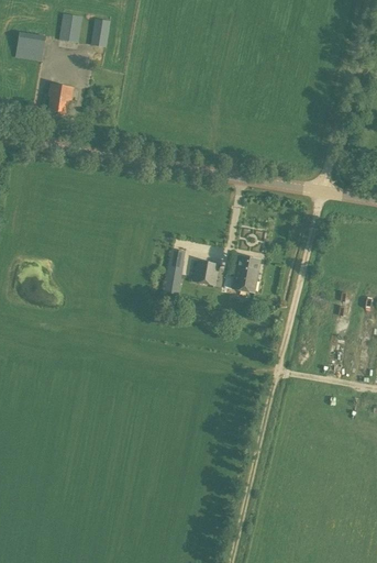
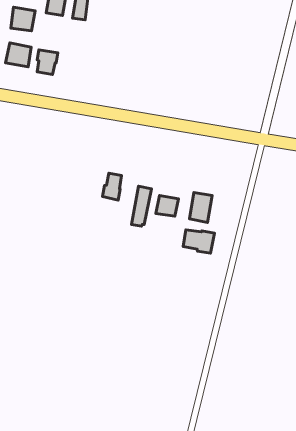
building: none -> [6,43,31,67]
building: none -> [103,173,122,200]
building: none -> [183,230,215,253]

